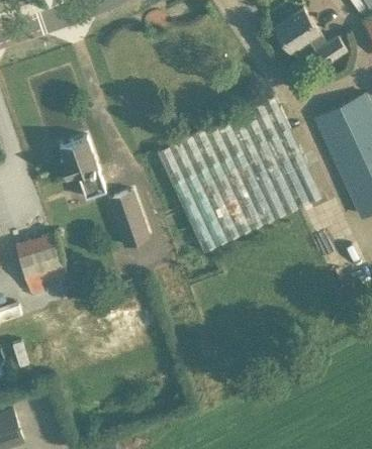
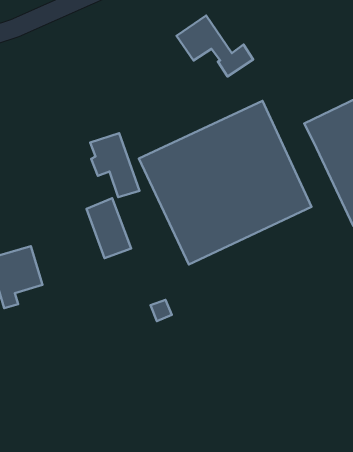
building: [275,10,348,68] -> [176,16,253,77]
building: [60,138,106,199] -> [90,133,139,197]

